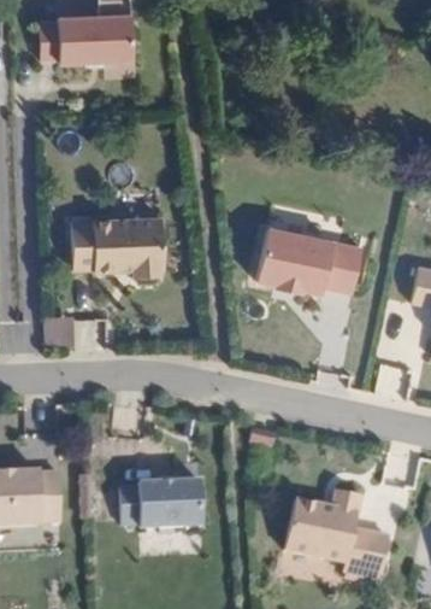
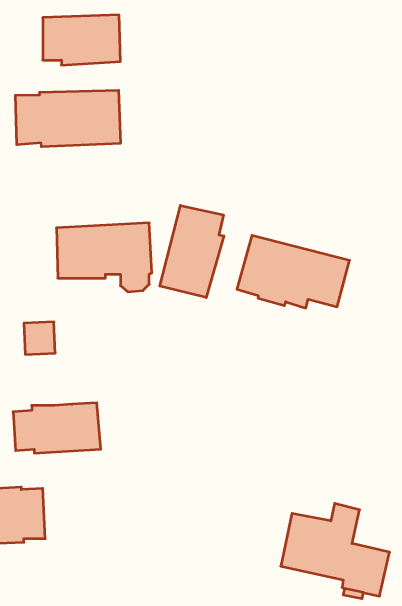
building: none -> [15,90,120,147]
building: none -> [160,205,224,298]
building: [117,478,201,526] -> [13,403,101,453]

